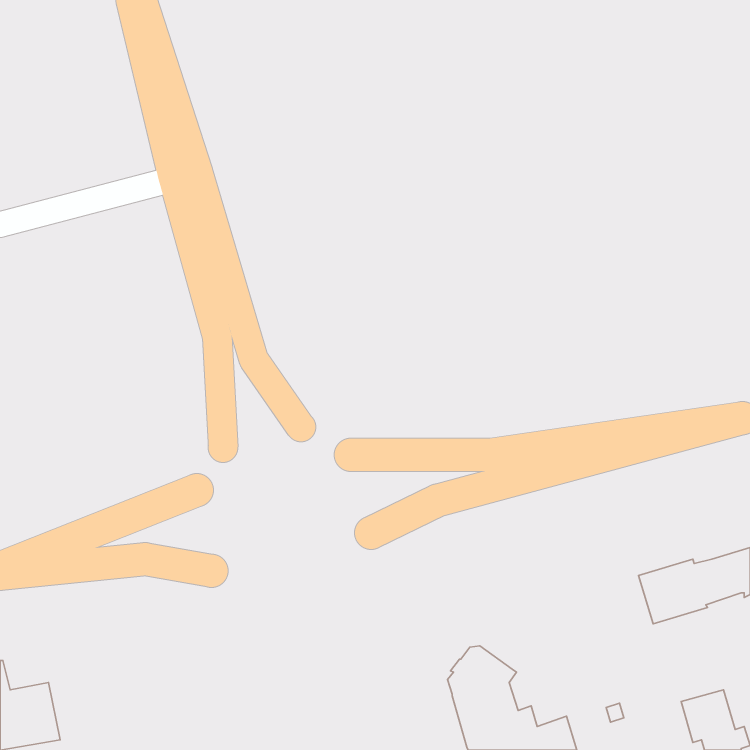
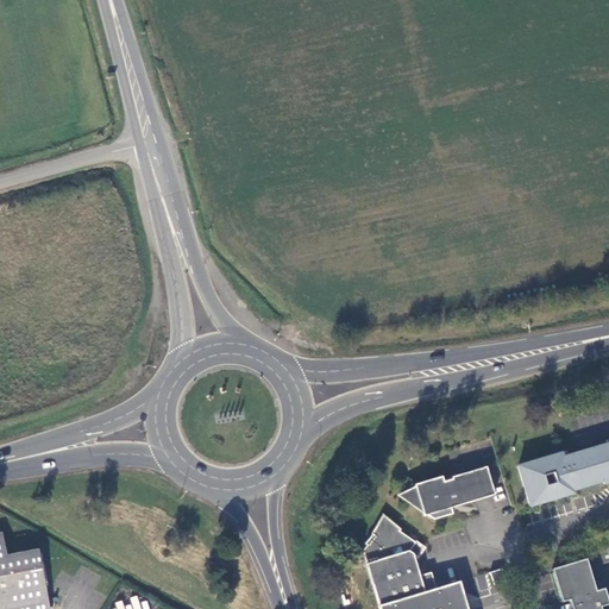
building: none -> [397,466,495,519]

